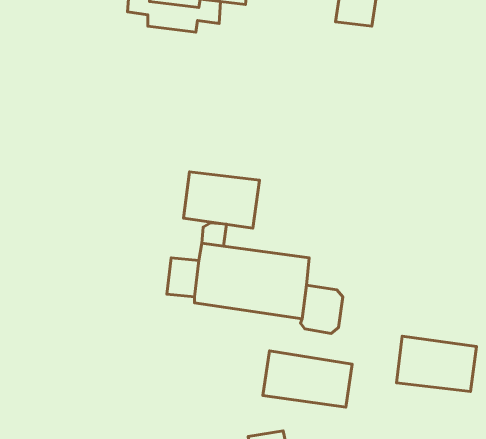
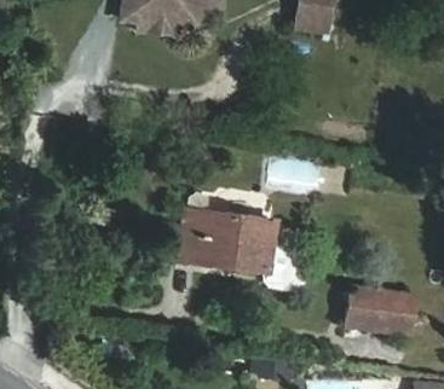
building: [183,172,259,228] -> none
building: [263,351,352,407] -> none

